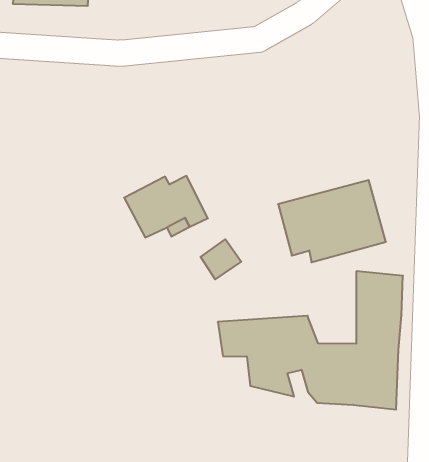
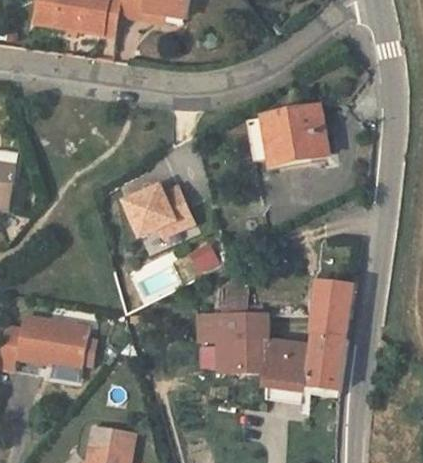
building: [278,180,386,262] -> [242,108,330,173]
building: none -> [15,316,87,364]

